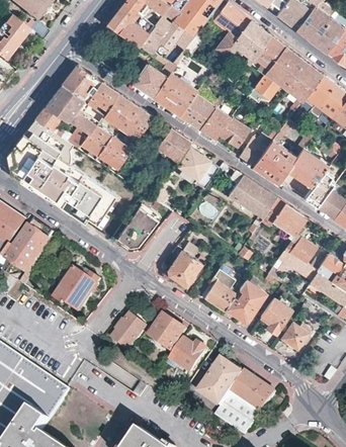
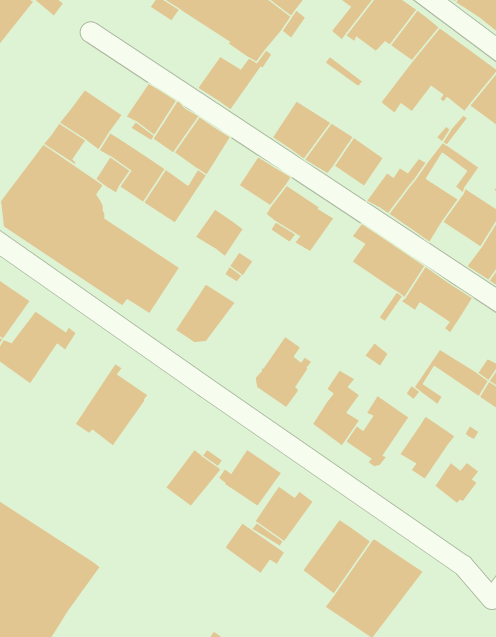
building: [154,63,204,115] -> none
building: [61,64,101,102] -> none
building: none -> [195,209,243,257]
building: [286,228,318,263] -> none
building: none -> [225,523,285,574]

